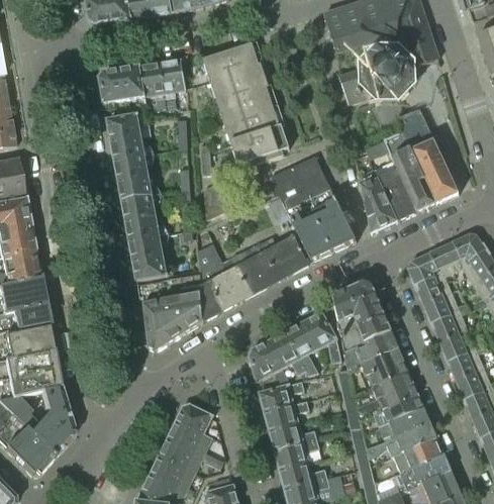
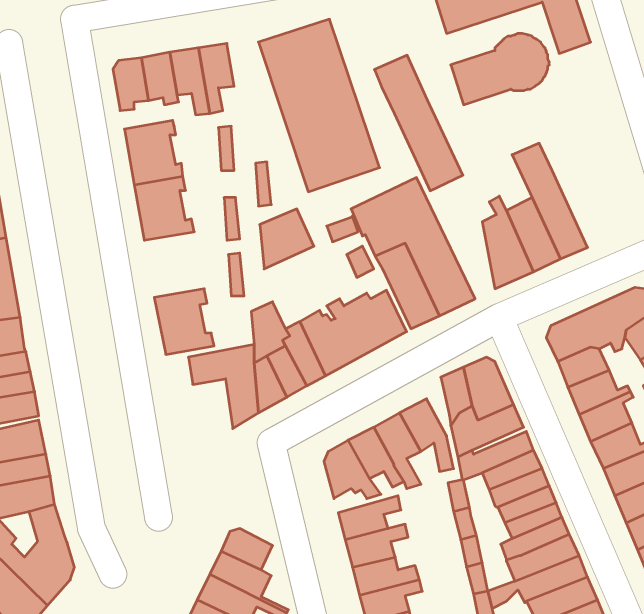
building: [396,108,459,204] -> [374,55,463,191]
building: [121,193,164,239] -> none
building: [136,282,184,350] -> none

